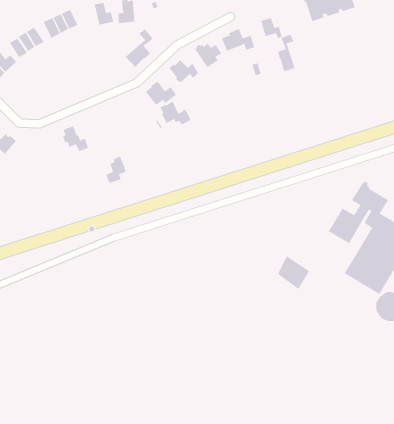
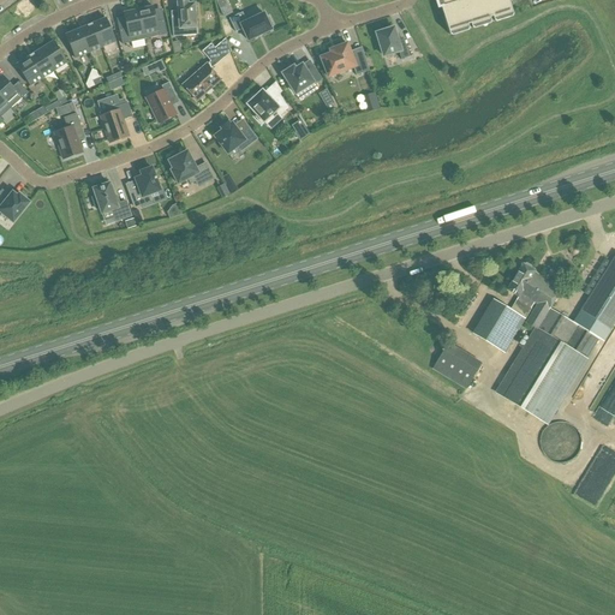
building: none -> [119,7,145,42]
building: none -> [228,8,270,38]
building: [277,34,295,72] -> none
building: none -> [144,80,179,124]
building: none -> [98,101,132,142]
building: none -> [55,114,83,159]
building: [160,100,191,126] -> [168,149,214,185]
building: [105,156,126,184] -> [130,166,160,205]
building: [277,255,310,290] -> [435,339,482,388]

